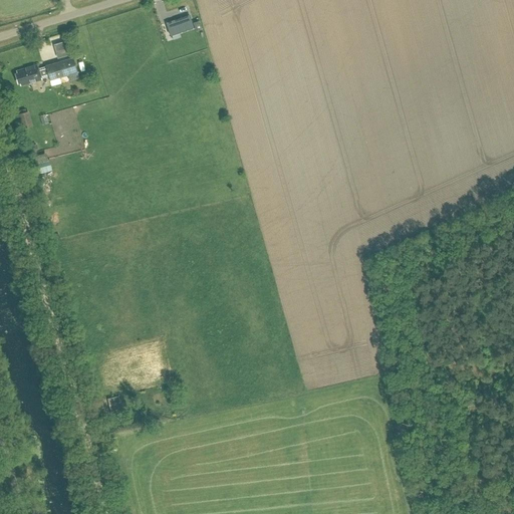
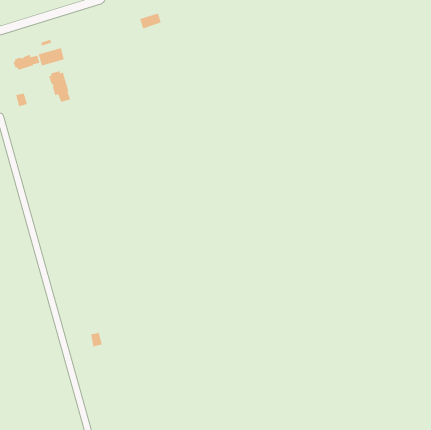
building: none -> [48,70,71,103]

